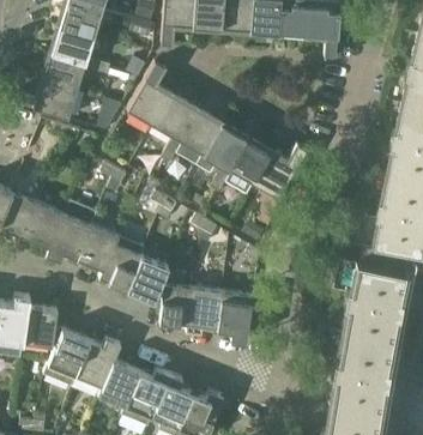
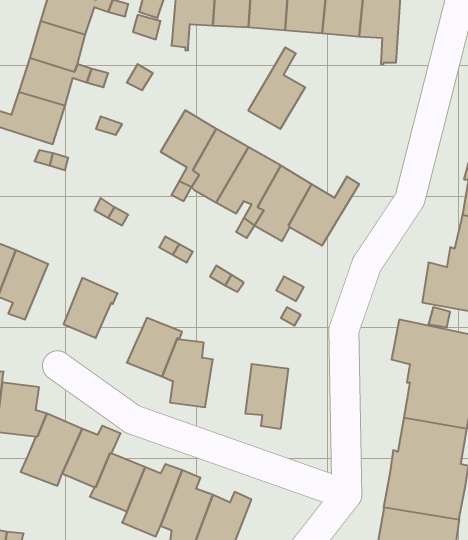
building: [128,62,173,126] -> [248,47,305,129]
building: [48,200,98,262] -> none
building: [101,243,143,290] -> none
building: [187,288,224,337] -> none

